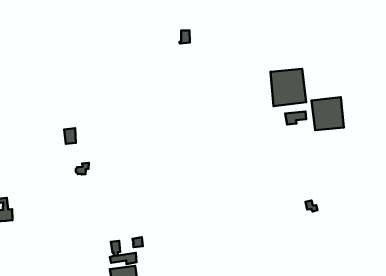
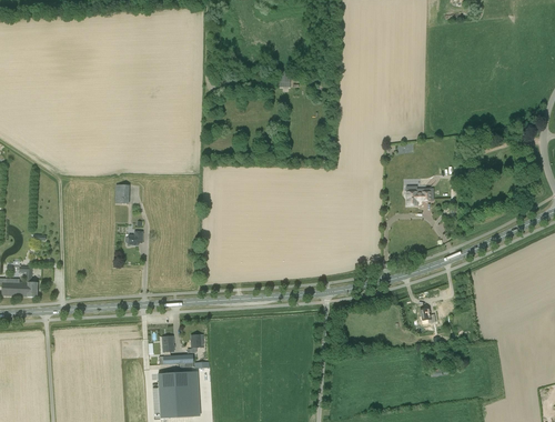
building: [270,69,306,106] -> none
building: [312,97,344,130] -> none

